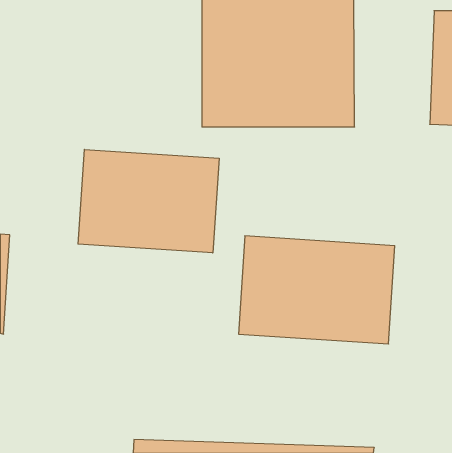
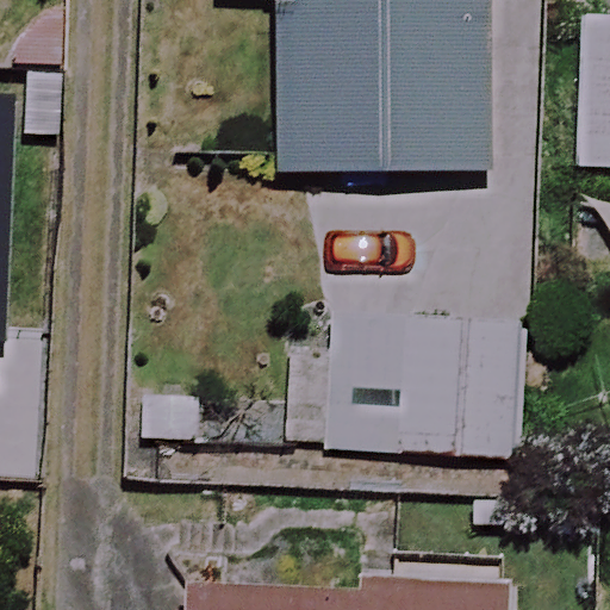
building: [78,149,219,253] -> none

